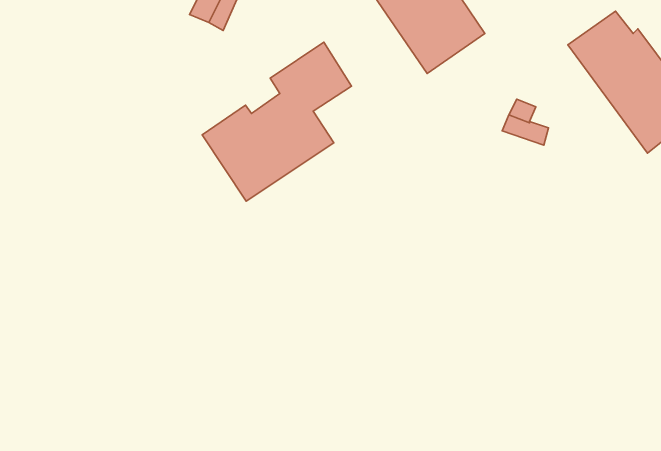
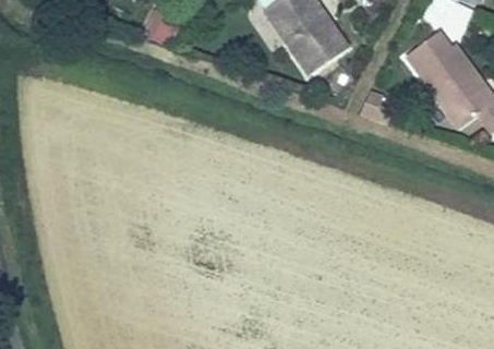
building: [202,42,351,201] -> none

